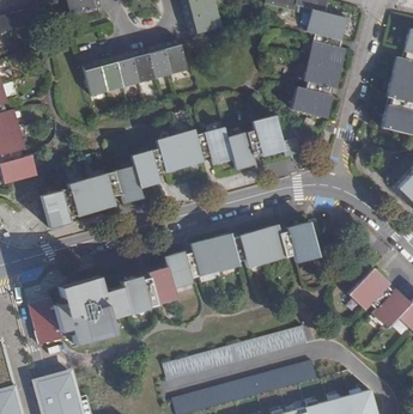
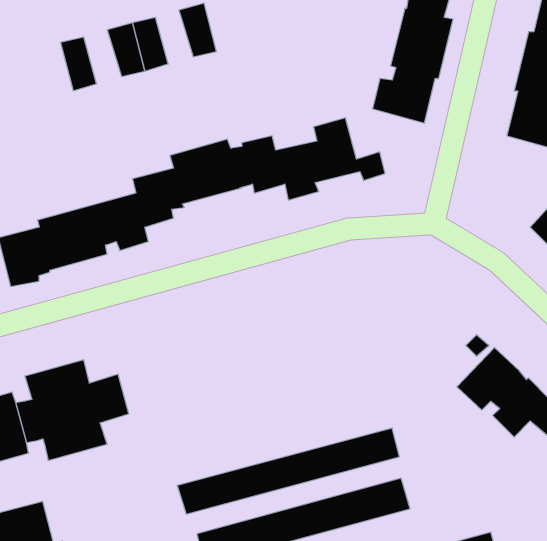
building: [146,43,171,79] -> none
building: [98,56,123,92] -> none
building: [120,218,320,313] -> none

